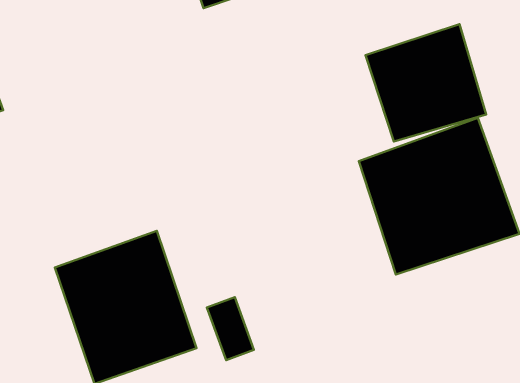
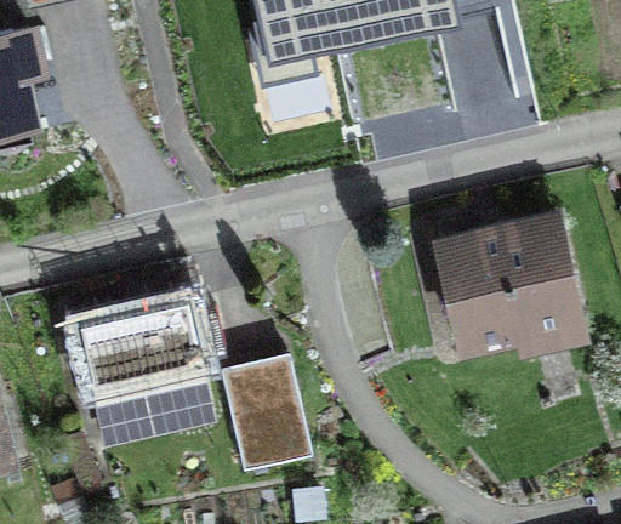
building: [366,24,486,141] -> none

